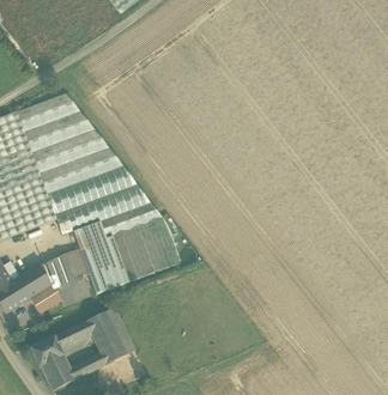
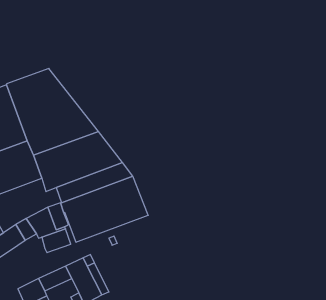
building: [29,284,60,314] -> none

